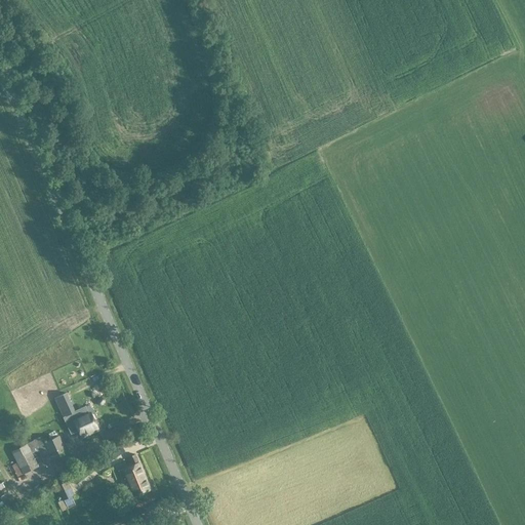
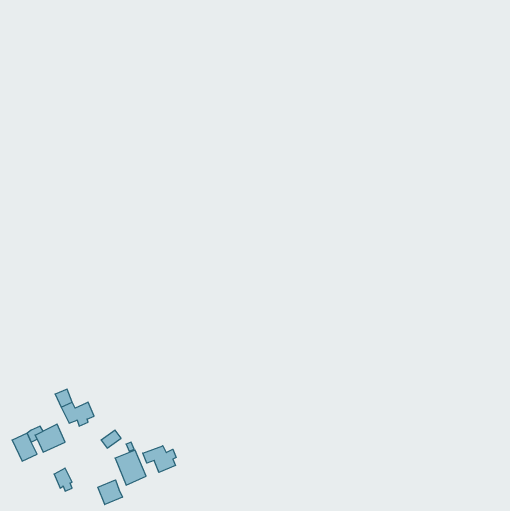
building: none -> [143,446,176,472]
building: none -> [98,480,122,505]

